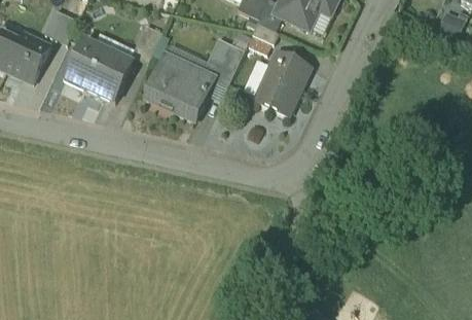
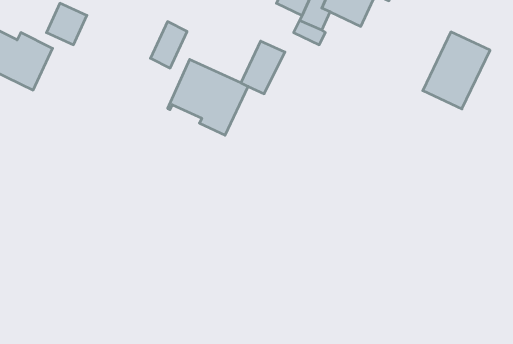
building: [65,39,133,100] -> none
building: [254,49,311,114] -> [423,32,490,109]

